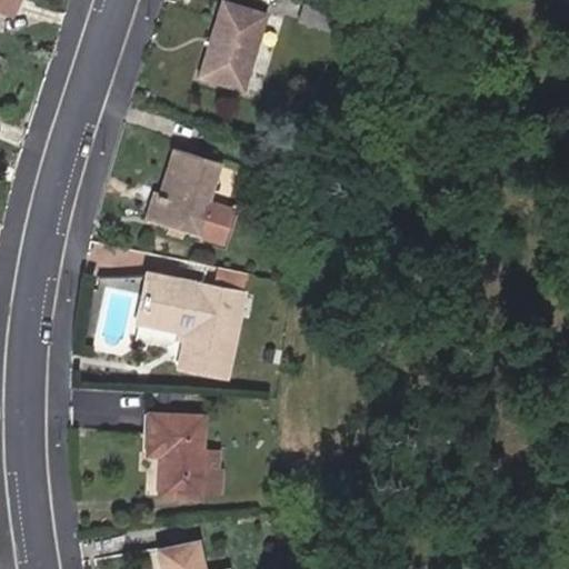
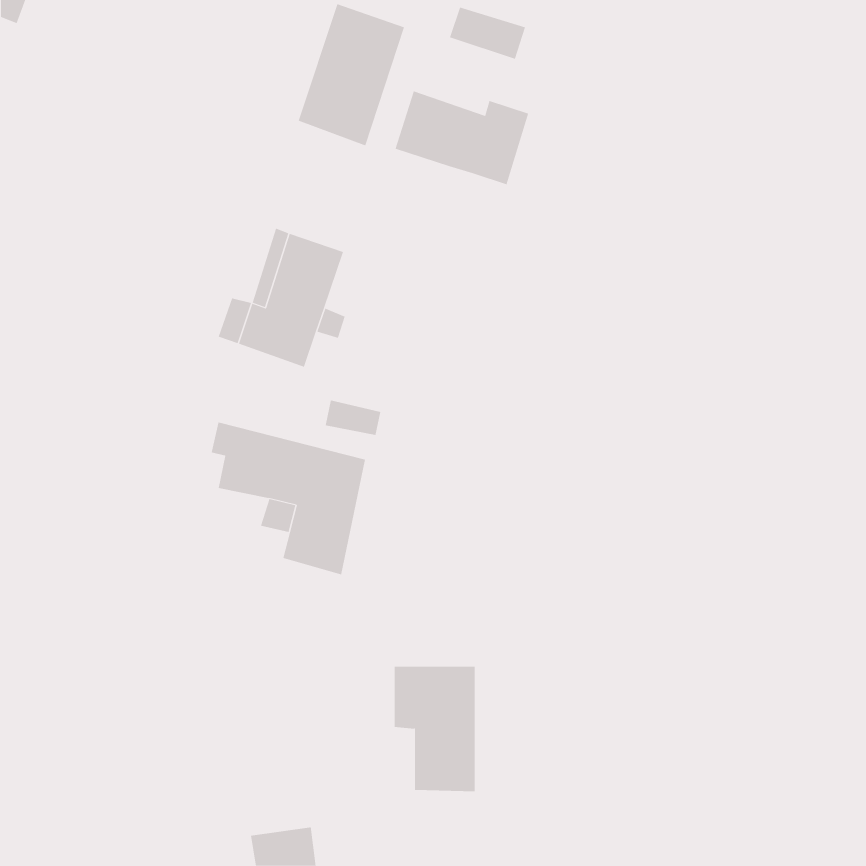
building: none -> [395,91,529,185]
building: [150,413,203,496] -> [394,666,475,792]

